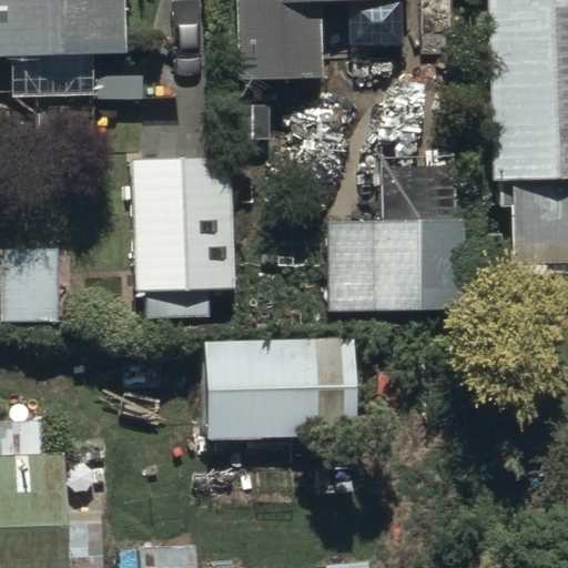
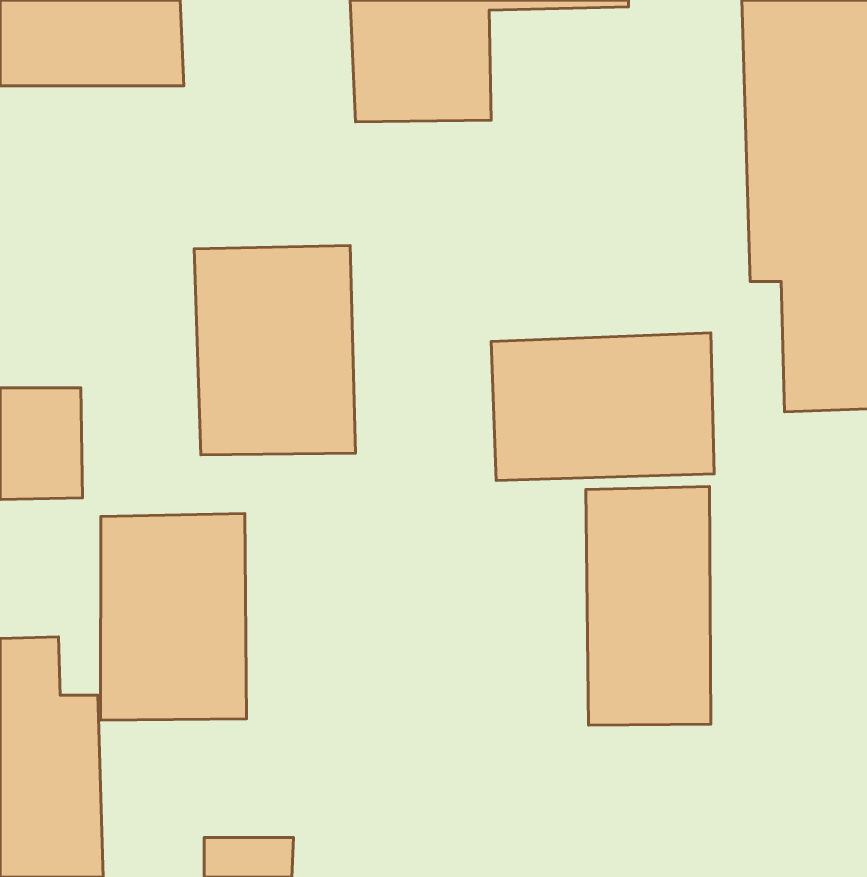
building: none -> [586,487,711,725]
building: none -> [101,514,246,720]
building: [205,339,358,439] -> none

